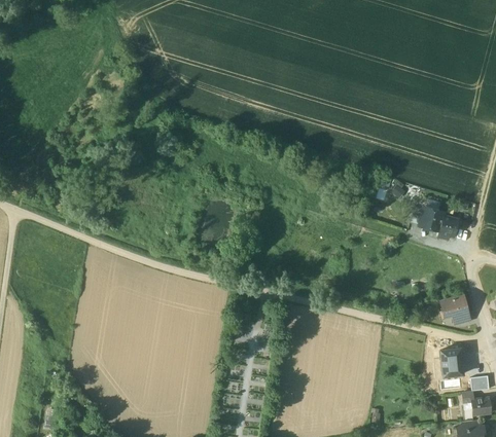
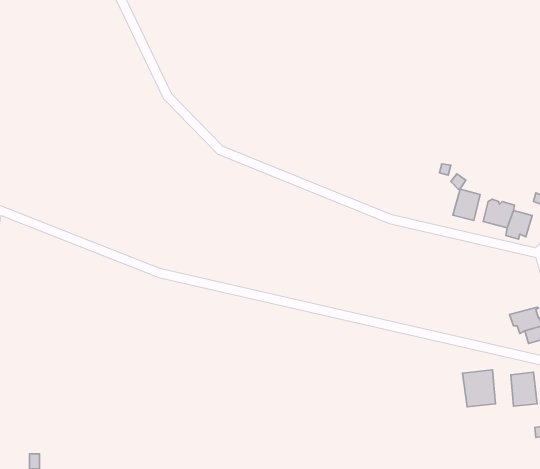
building: none -> [453,189,480,221]
building: none -> [463,370,495,407]

